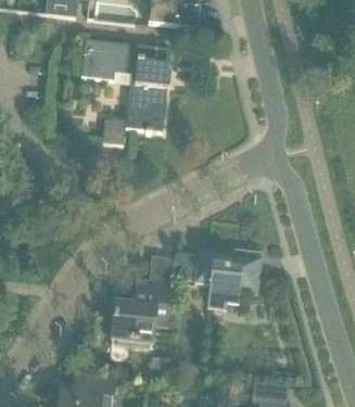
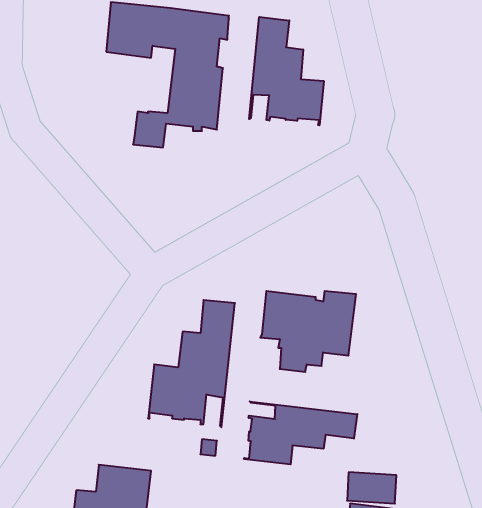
building: none -> [249,17,324,125]
building: none -> [244,401,357,464]

